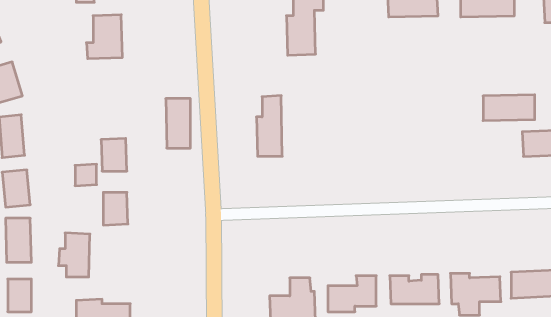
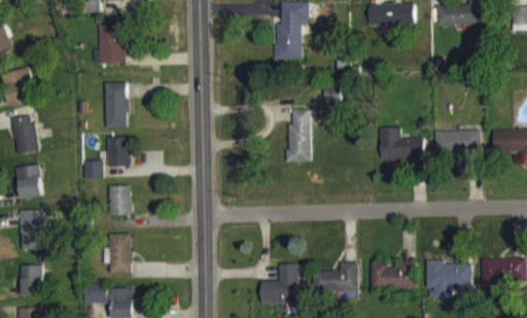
building: [483,95,535,121] -> [433,130,481,153]
building: [256,96,282,156] -> [287,106,311,162]
building: [166,99,190,148] -> [104,82,127,128]
building: none -> [380,128,423,160]
building: [58,233,90,277] -> [102,234,131,274]

